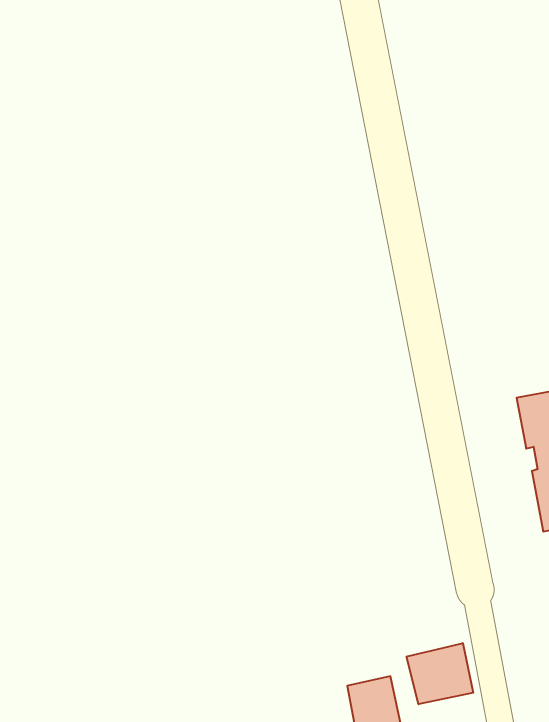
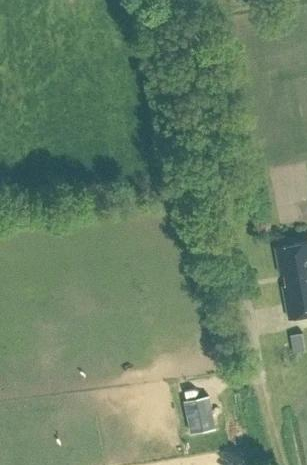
building: [407,643,473,704] -> none

